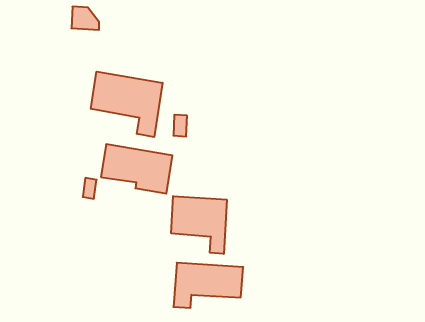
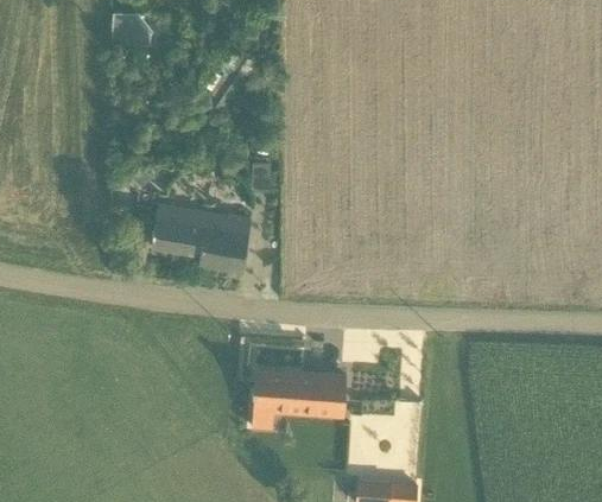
building: [91,72,163,137] -> none
building: [171,196,227,254] -> none

